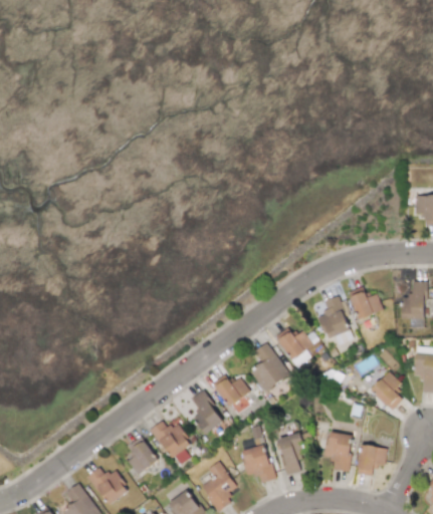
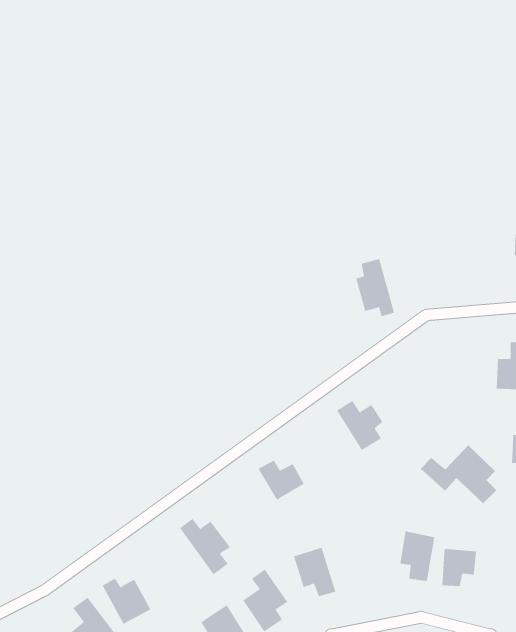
building: [350,286,383,318] -> none
building: [320,296,352,342] -> [356,258,395,317]
building: [251,341,288,391] -> none
building: [191,391,224,435] -> none
building: [277,432,307,475] -> none
building: [128,436,159,475] -> none

